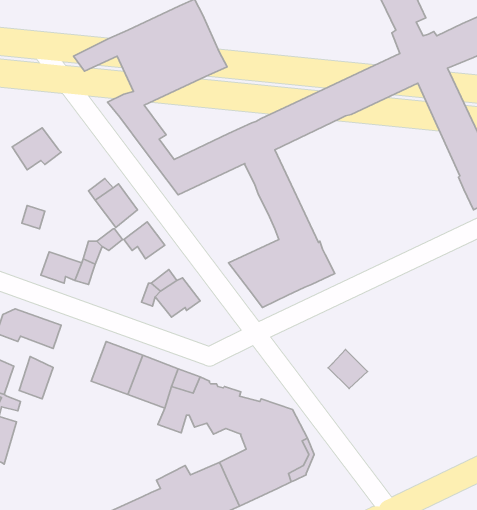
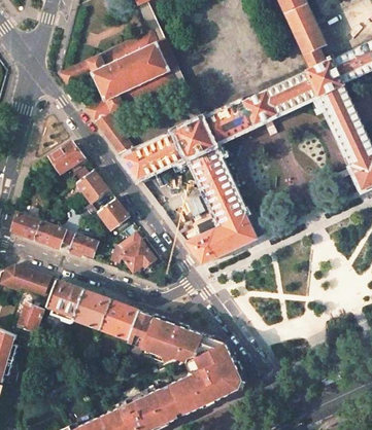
building: [12,128,61,170] -> [48,142,86,174]
building: none -> [11,213,40,240]
building: none -> [68,235,97,256]
building: none -> [46,280,83,323]
building: [328,350,367,388] -> none

